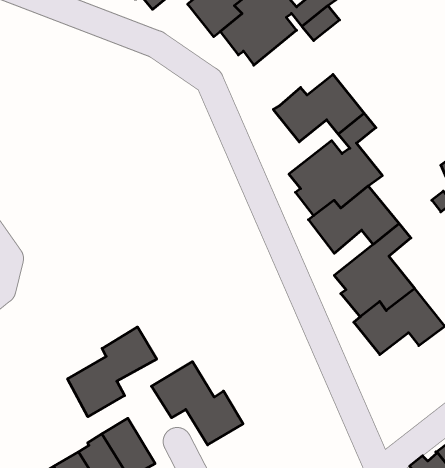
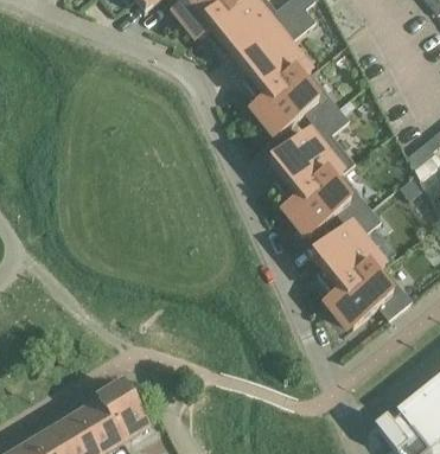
building: none -> [236,30,308,98]
building: [68,327,157,417] -> none
building: [151,362,243,445] -> none

